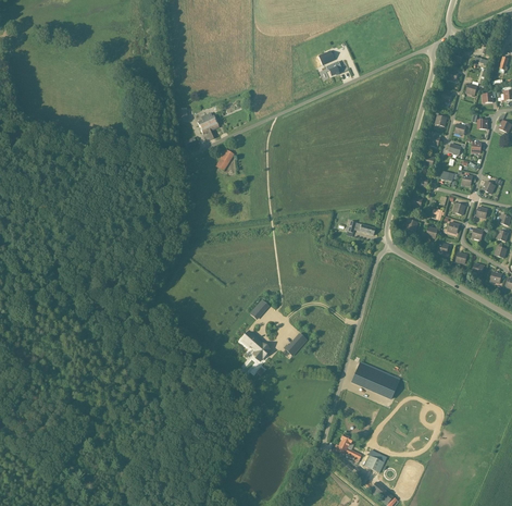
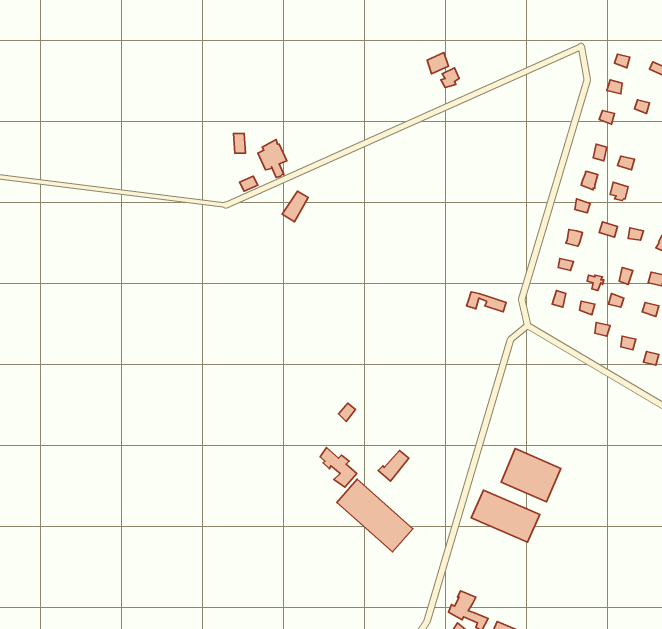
building: none -> [501,449,561,502]
building: none -> [337,479,413,552]

